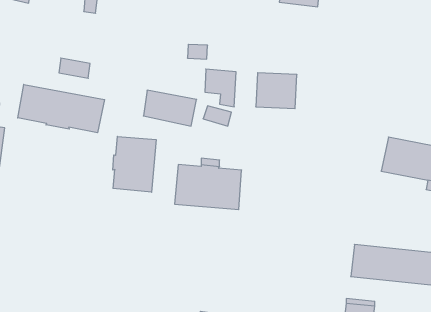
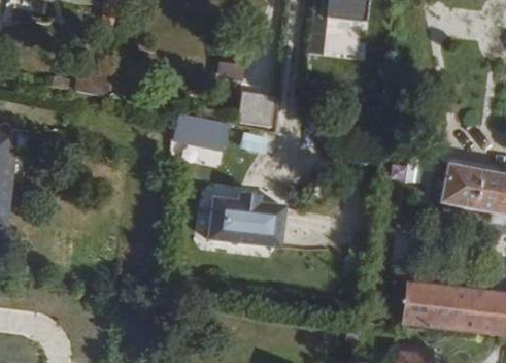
building: [256,73,297,109] -> [321,16,367,57]
building: [18,84,105,133] -> none
building: [113,136,156,192] -> none

